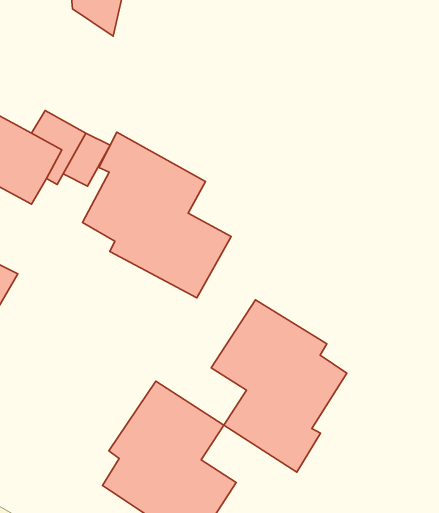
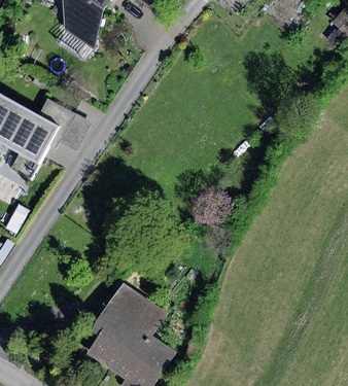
building: [82,132,231,298] -> none
building: [211,300,347,472] -> none

